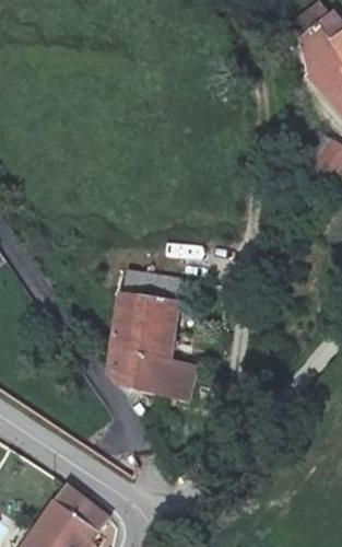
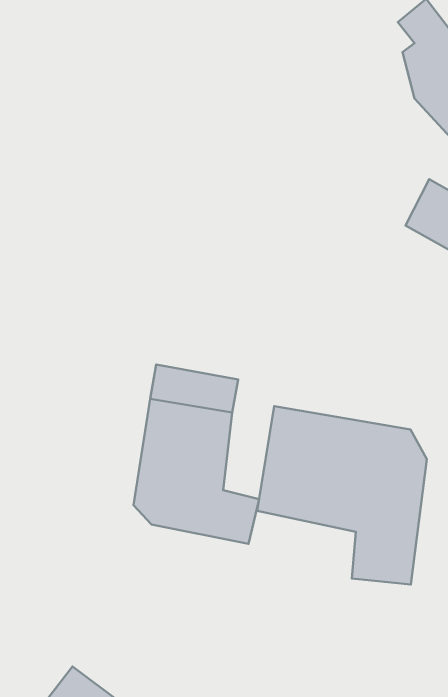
building: none -> [257,406,427,584]

